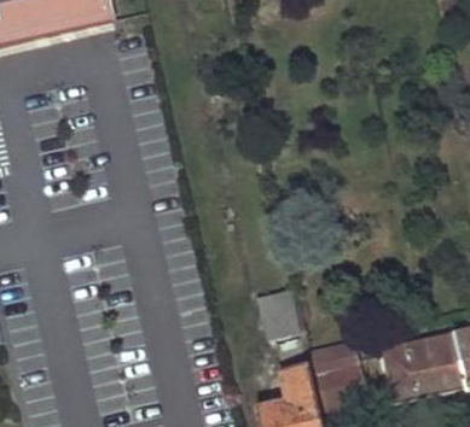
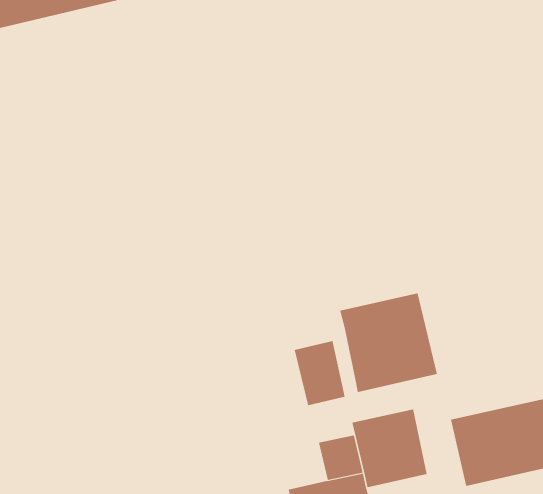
building: none -> [340,293,437,393]

